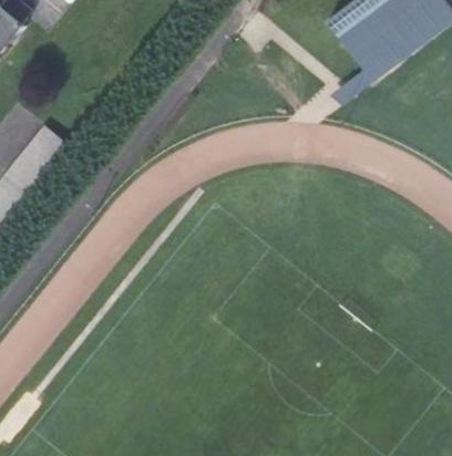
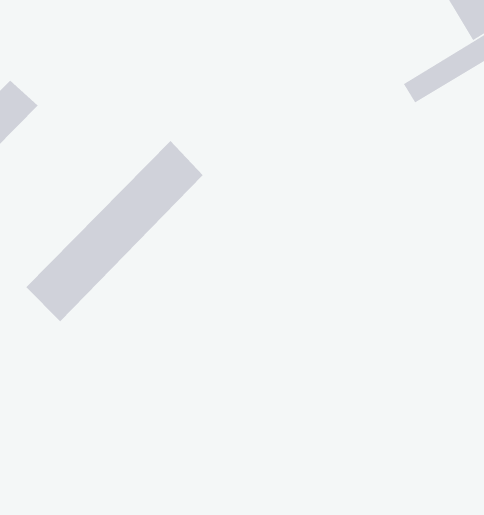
building: none -> [25,140,203,322]

